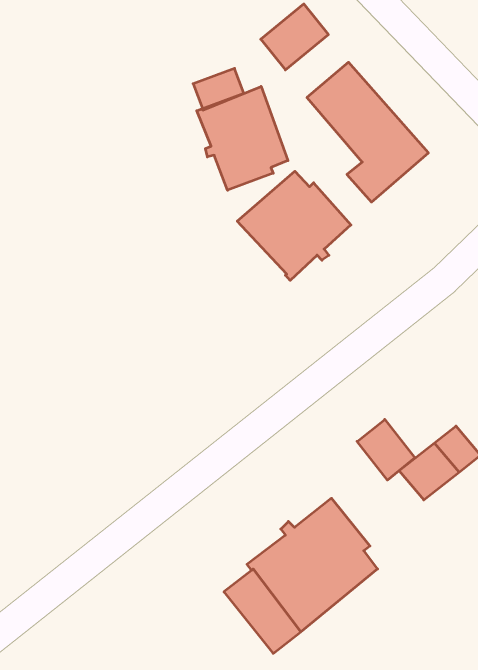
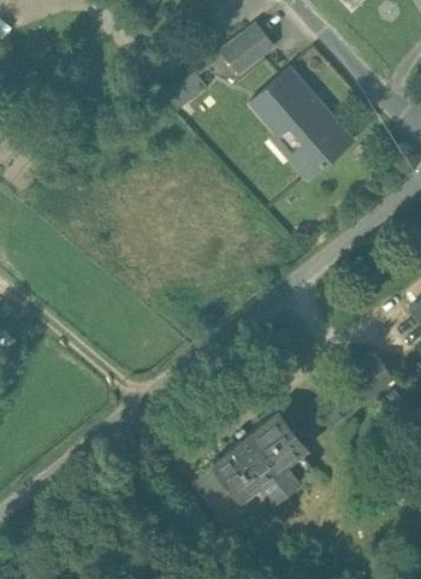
building: [197,86,288,190] -> none
building: [237,171,351,280] -> none
building: [357,419,415,480] -> none

